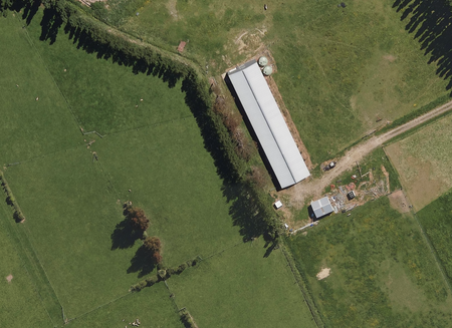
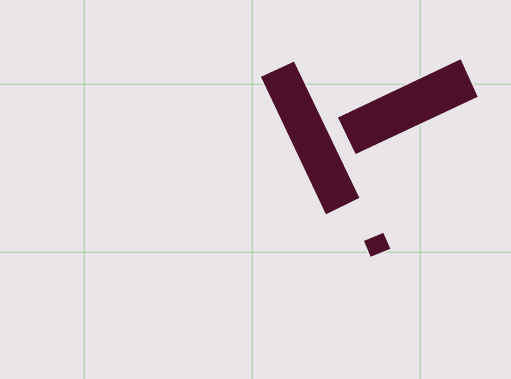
building: none -> [337,58,479,155]

